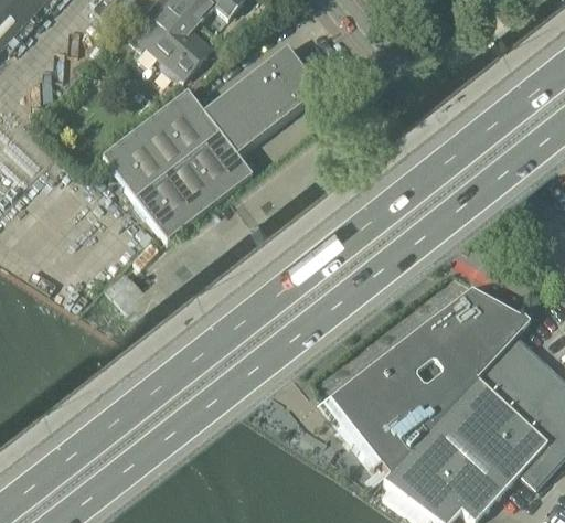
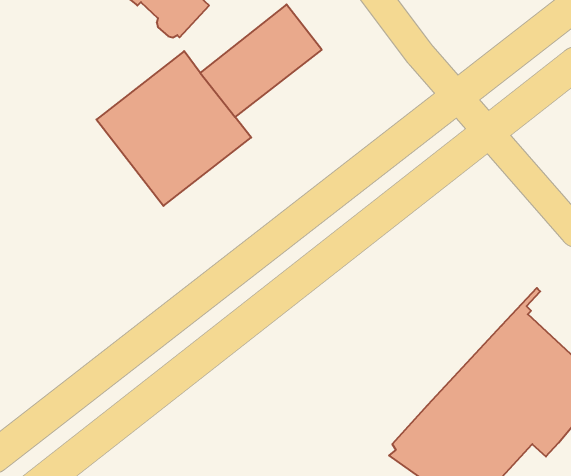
building: [321,280,535,470] -> none

